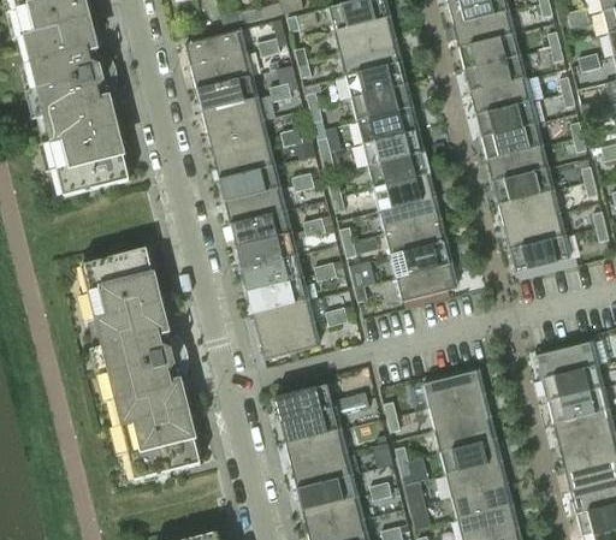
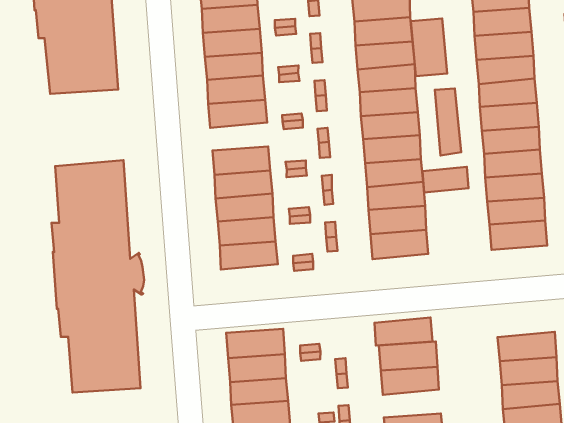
building: none -> [411,18,447,76]
building: none -> [435,88,461,155]
building: [225,188,284,224] -> none
building: none -> [422,167,468,193]
building: [259,322,319,360] -> none
building: [436,416,494,452] -> [375,318,433,346]

